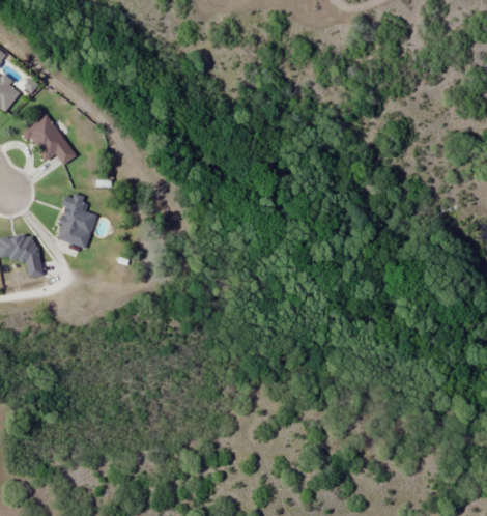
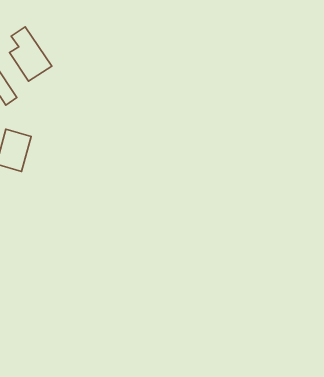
building: none -> [10,27,52,81]

